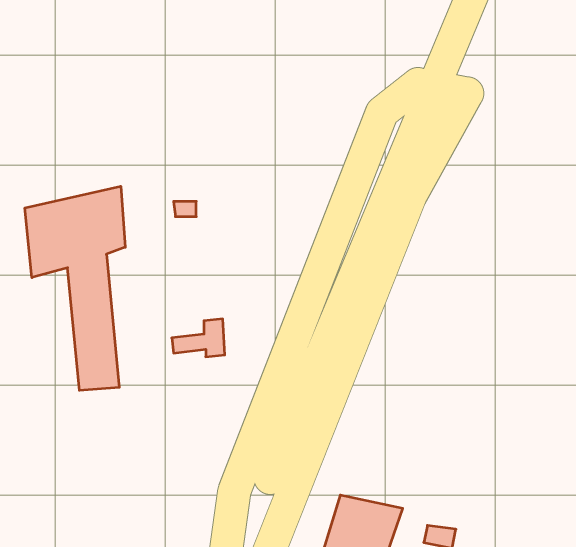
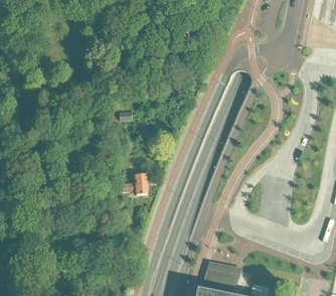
building: [25,186,125,390] -> none

